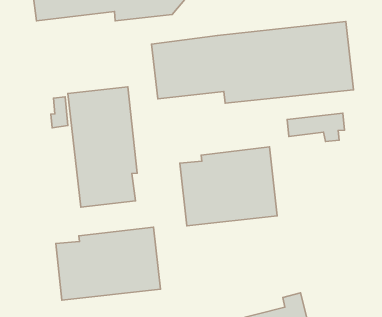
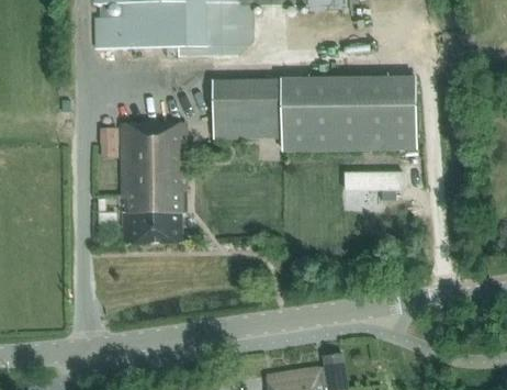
building: [180,147,277,226] -> none
building: [56,227,160,300] -> none

